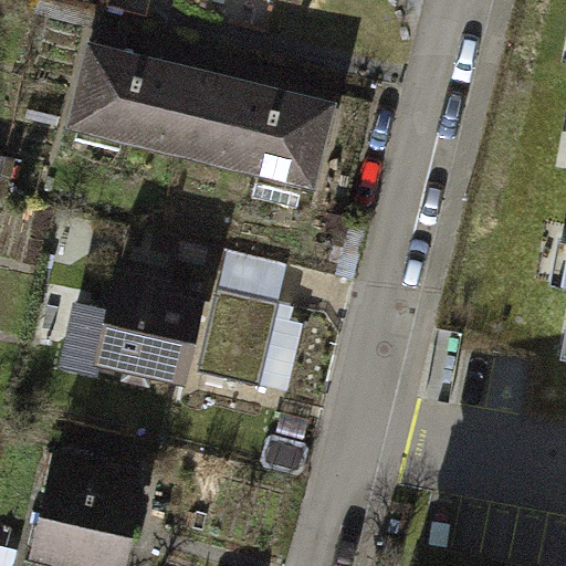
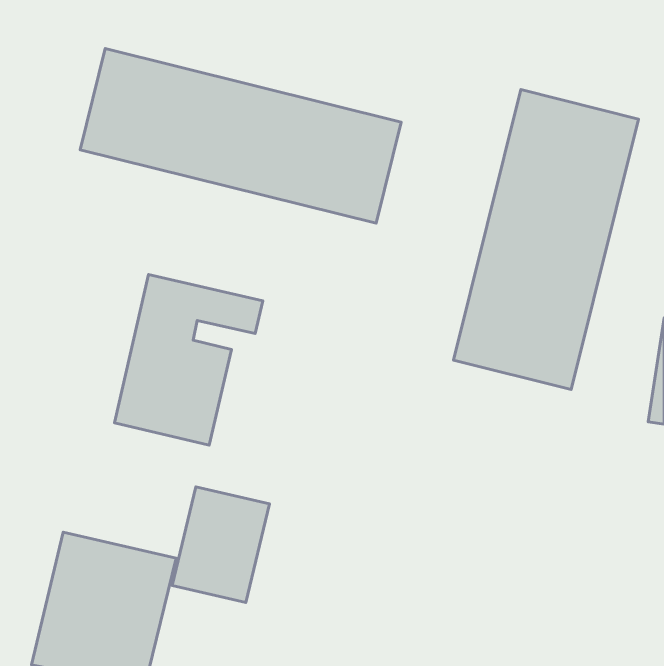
building: none -> [453,90,639,390]
building: [193,292,275,389] -> [172,487,269,602]

